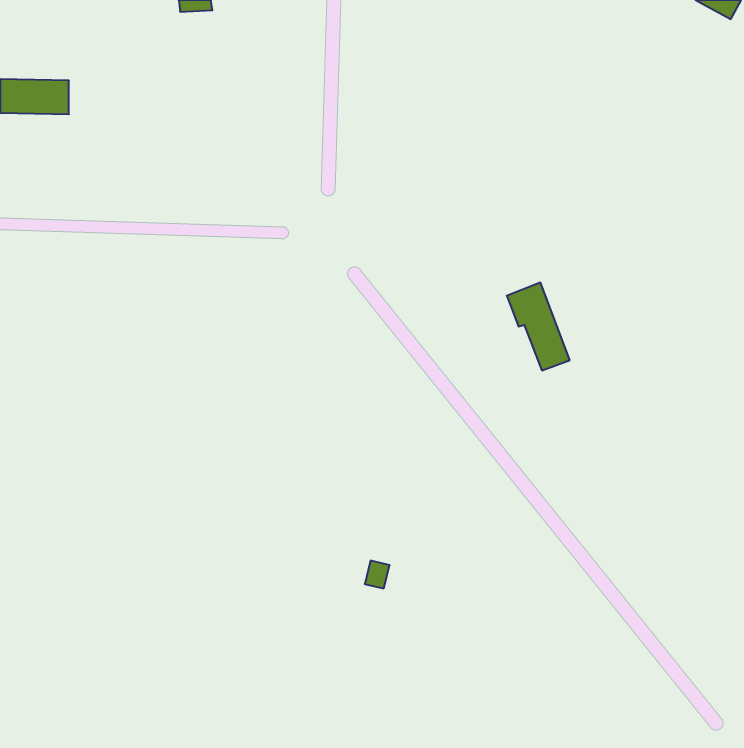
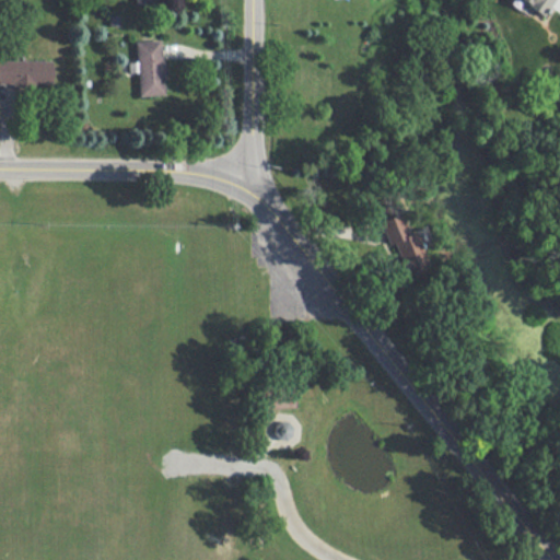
building: none -> [131,40,166,95]

